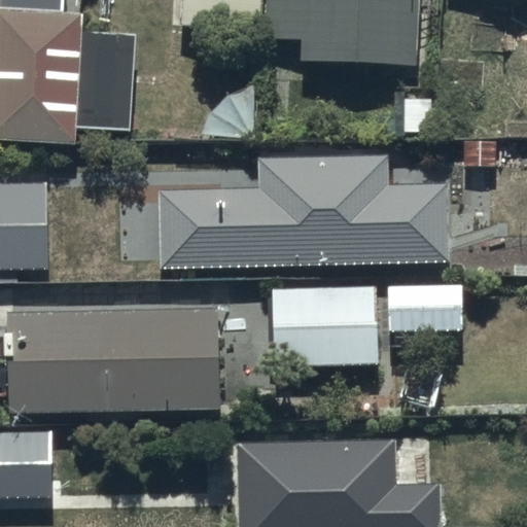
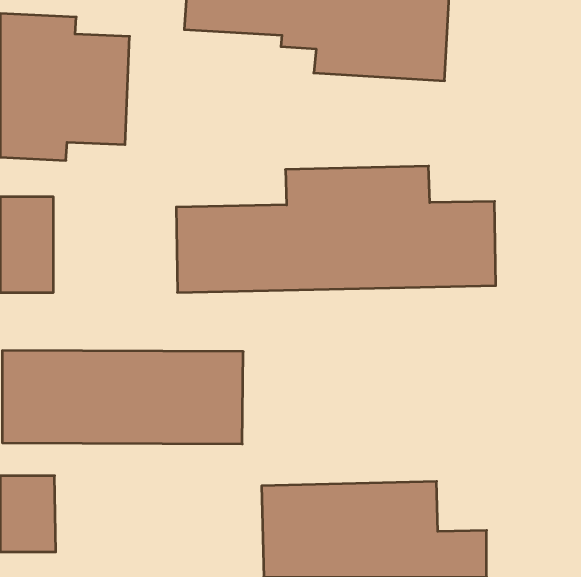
building: [259,286,459,367] -> none

